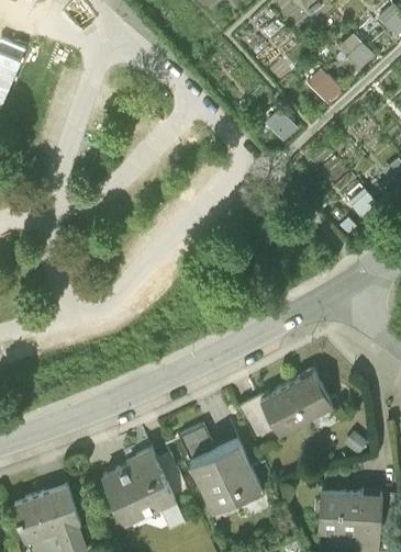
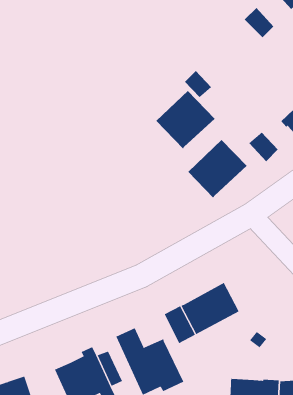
building: [304,67,341,105] -> none
building: none -> [155,90,216,149]
building: none -> [187,139,248,198]

